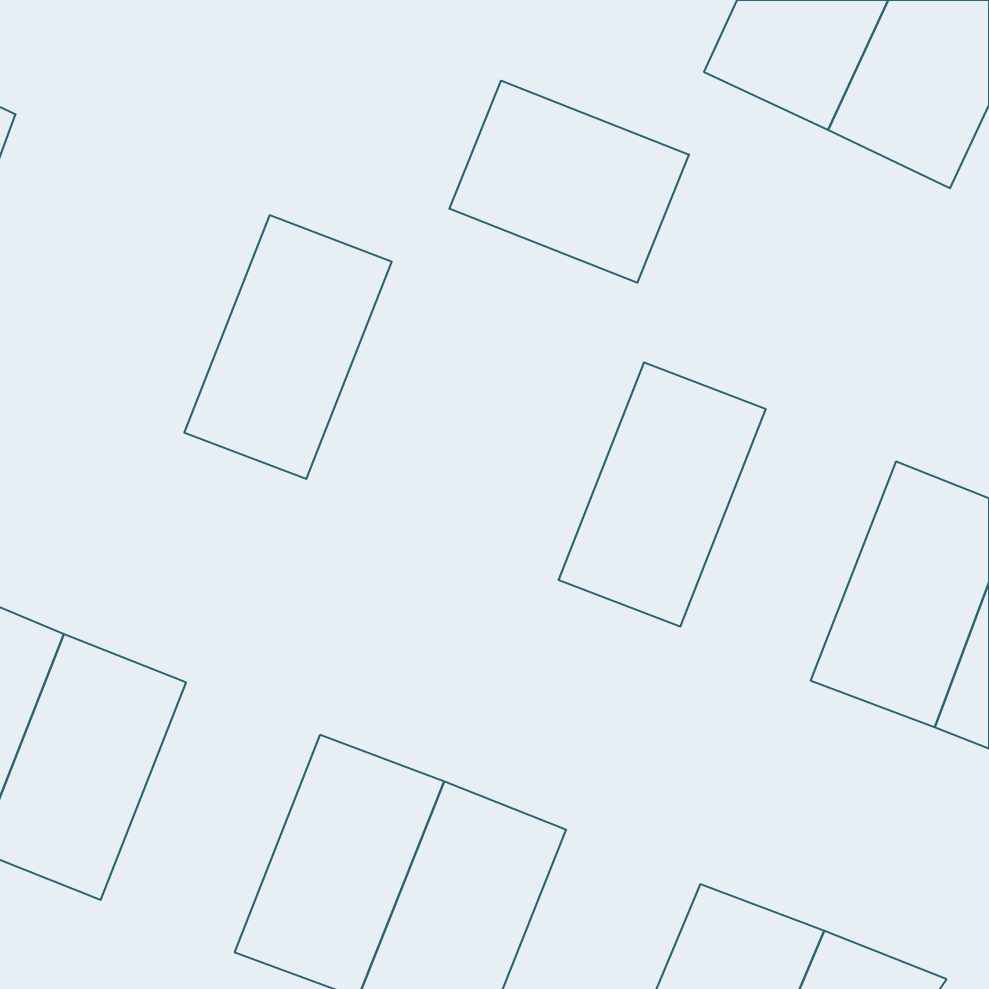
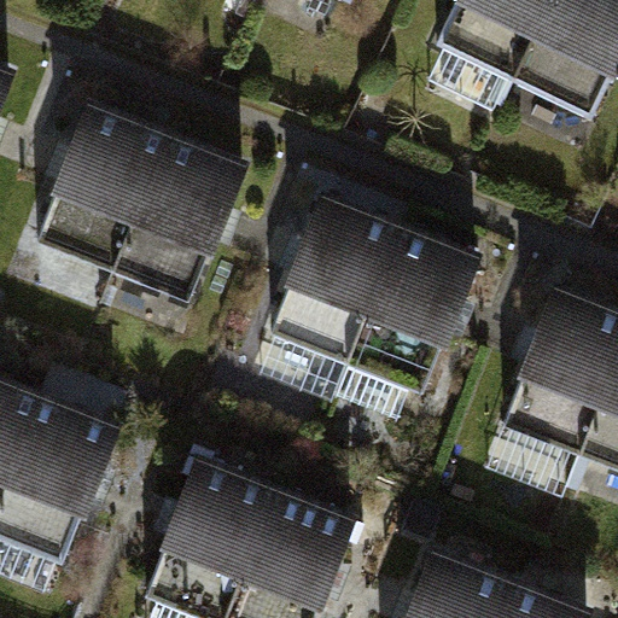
building: [449,81,689,283] -> none
building: none -> [37,105,168,270]
building: none -> [270,197,401,362]

